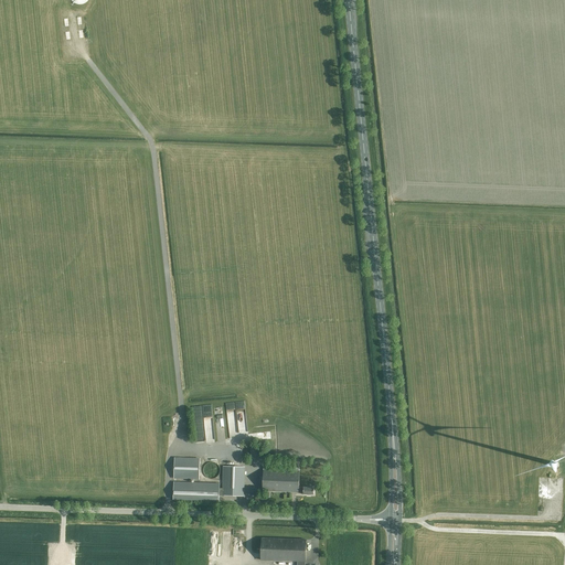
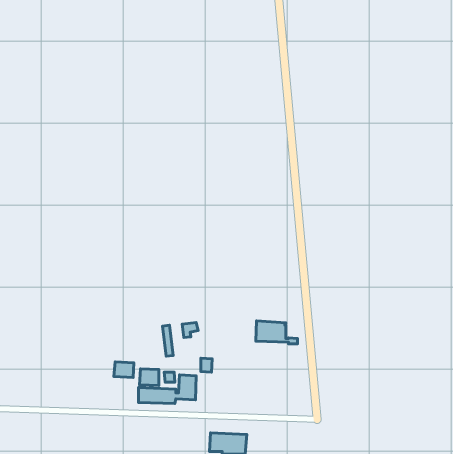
building: none -> [114,362,134,377]
building: [262,466,313,494] -> [256,321,297,344]

